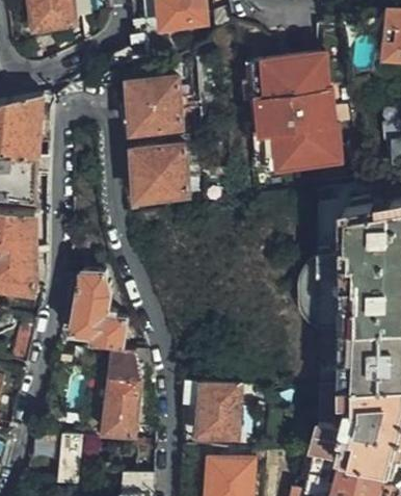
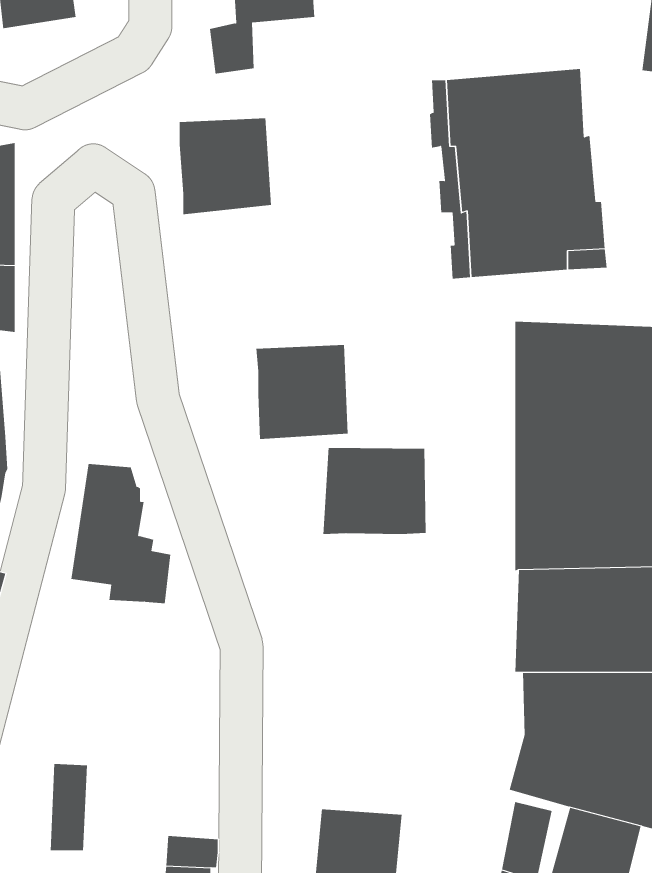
building: [132,149,183,201] -> [256,345,348,440]
building: none -> [323,447,426,535]
building: [100,346,139,438] -> none
building: [194,382,238,441] -> none

